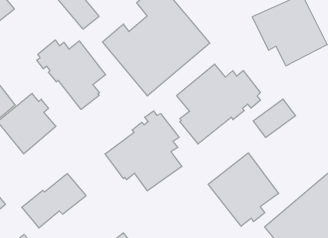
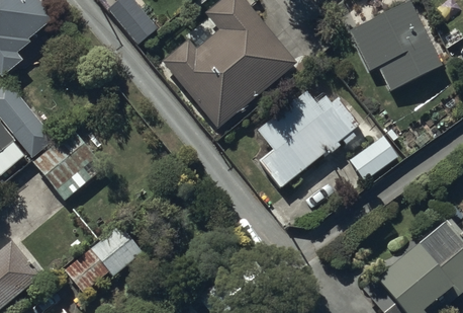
building: [37,40,106,109] -> none
building: [105,111,182,191] -> none
building: [208,153,279,226] -> none

